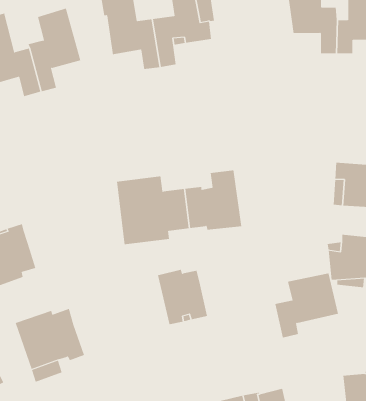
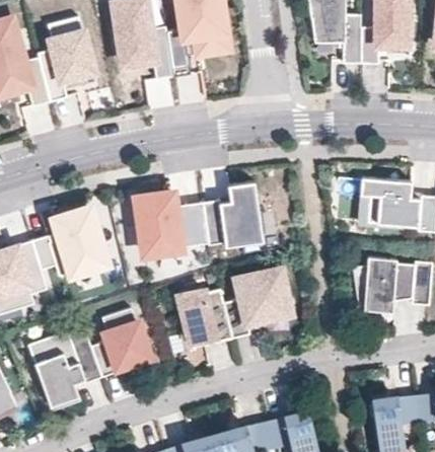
building: none -> [35,211,108,276]
building: [274,273,339,338] -> [220,270,287,337]
building: none -> [89,308,148,378]

